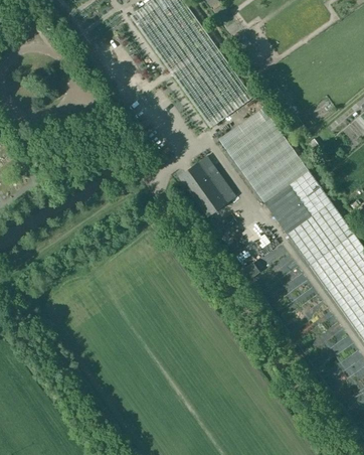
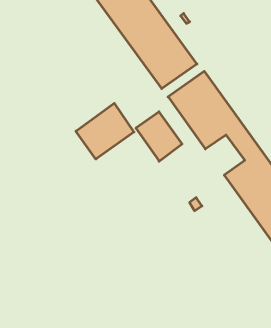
building: none -> [76,103,134,159]
building: [262,184,311,234] -> none

